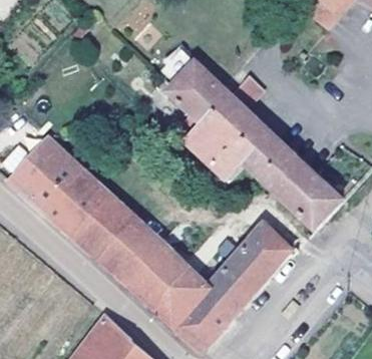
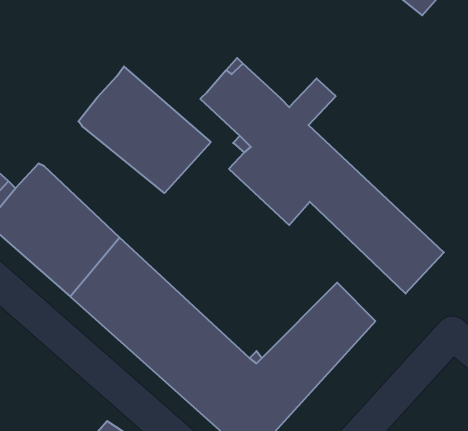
building: none -> [78,66,211,193]

